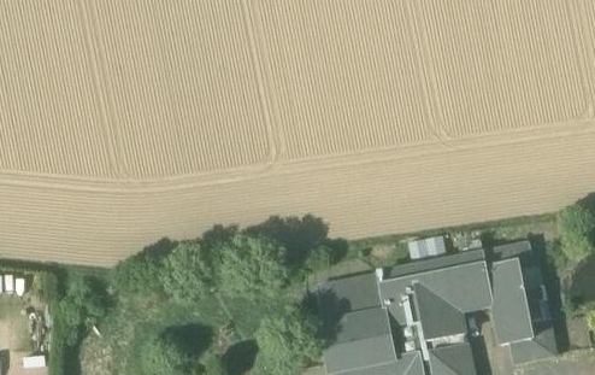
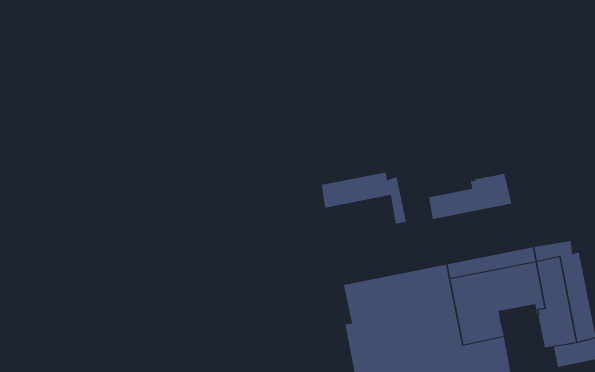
building: none -> [321,172,406,224]
building: none -> [428,173,512,220]

